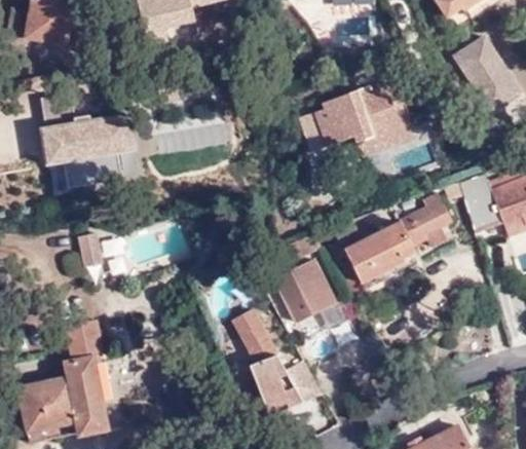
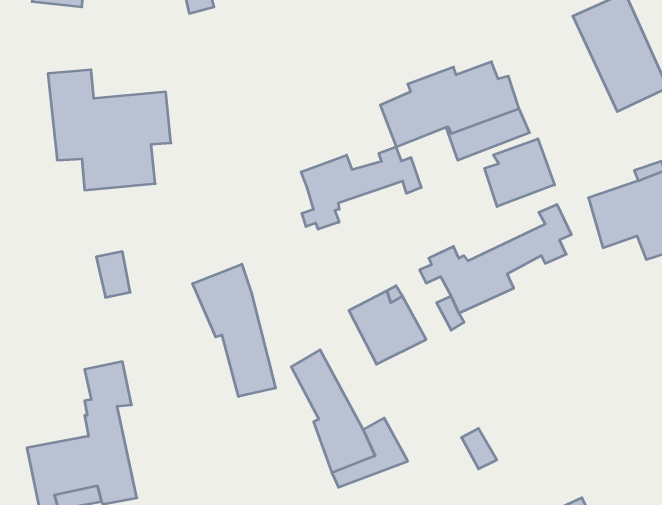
building: none -> [485,139,555,207]
building: none -> [301,147,421,229]
building: none -> [193,264,276,397]

